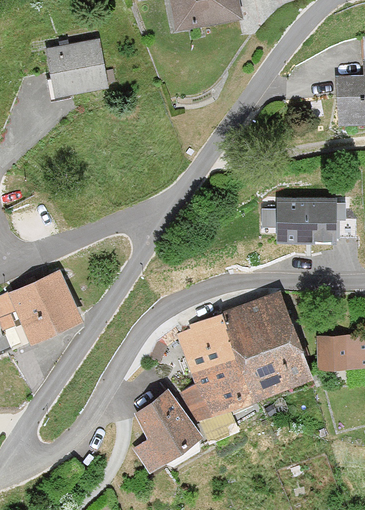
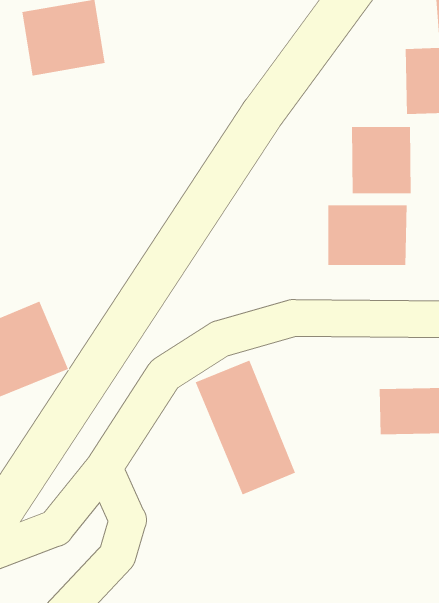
building: none -> [351,126,411,194]
building: [217,290,315,401] -> none
building: [133,386,205,471] -> none

